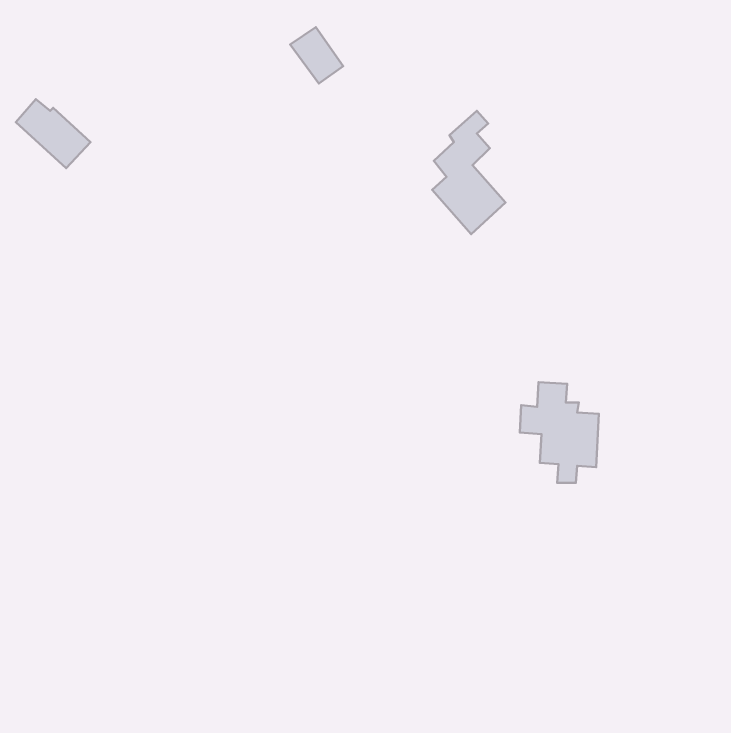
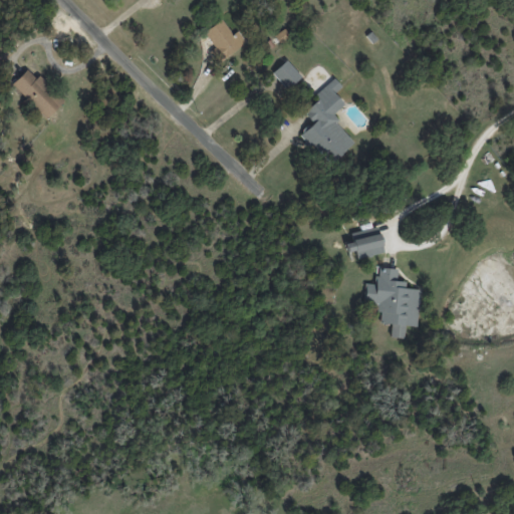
building: none -> [273,61,302,90]
building: none -> [346,230,384,260]

